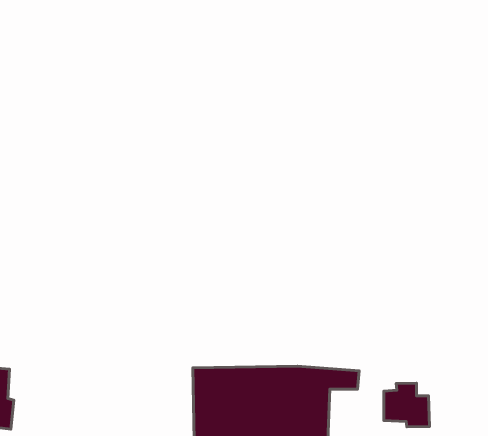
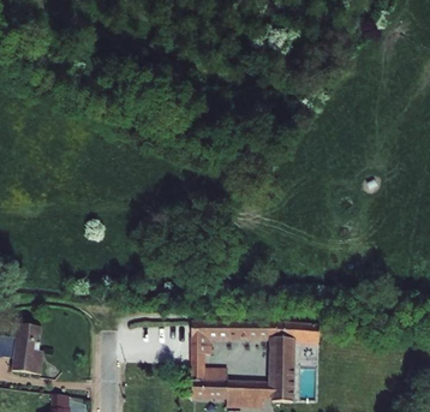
building: [384,383,429,427] -> none

